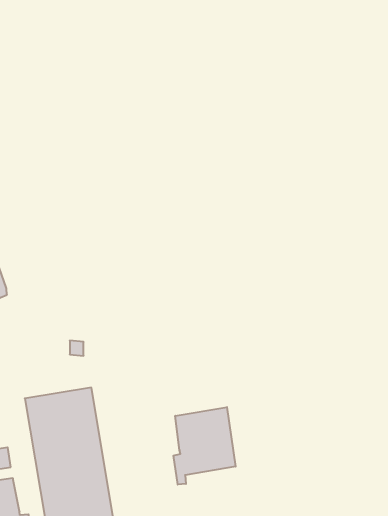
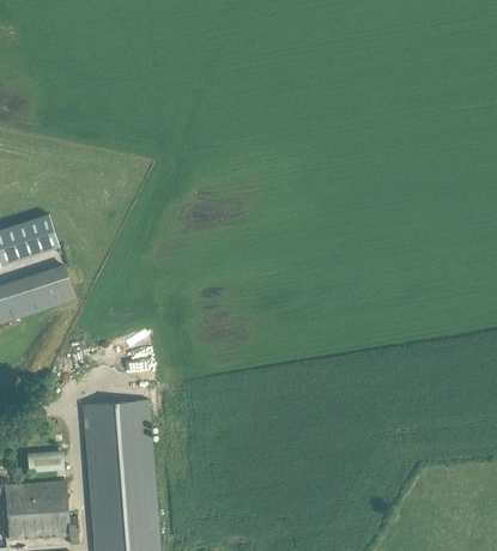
building: [173,407,236,485] -> none

